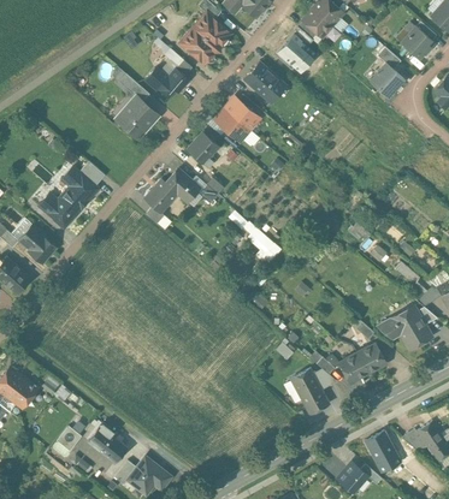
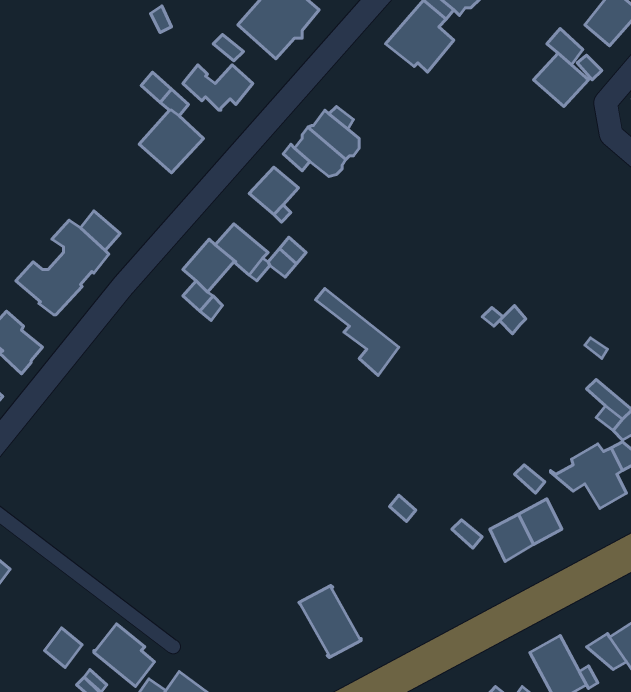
building: [243,61,286,105] -> none
building: [290,369,330,415] -> [299,585,361,657]

